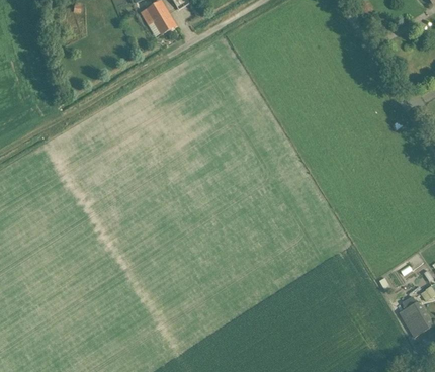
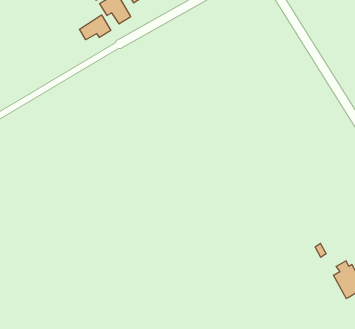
building: none -> [79,15,111,40]

